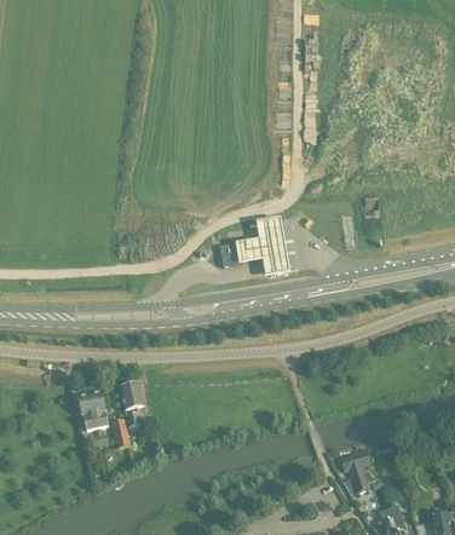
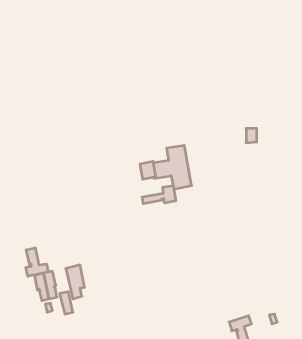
building: none -> [142,186,176,204]
building: none -> [26,248,48,276]

